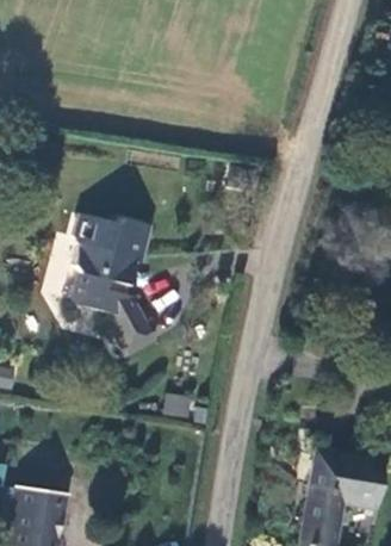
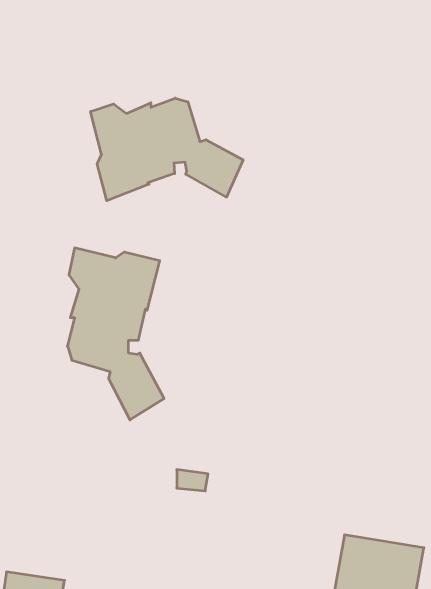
building: none -> [91,98,243,201]

